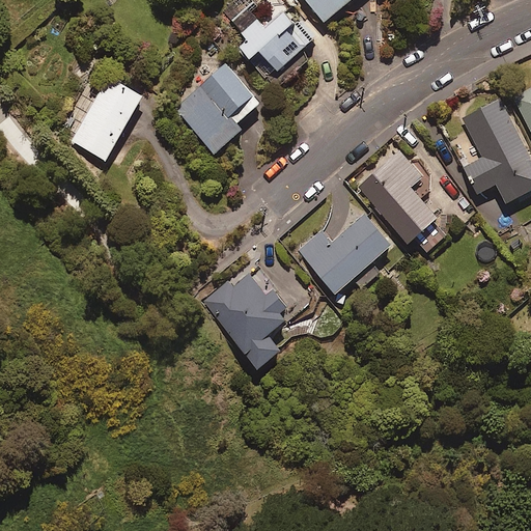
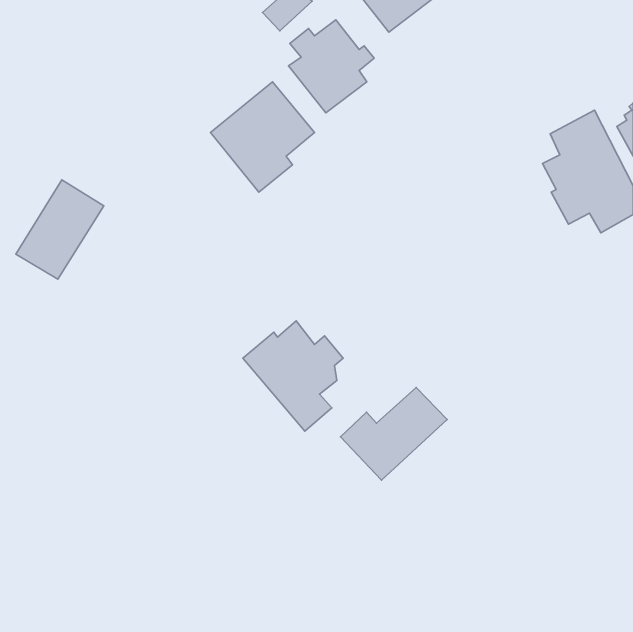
building: [72,82,145,165] -> [16,180,104,279]
building: [355,144,444,247] -> none
building: [300,211,389,288] -> [341,387,447,480]

